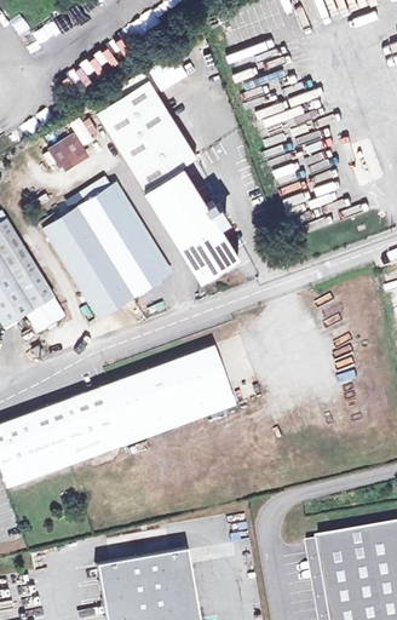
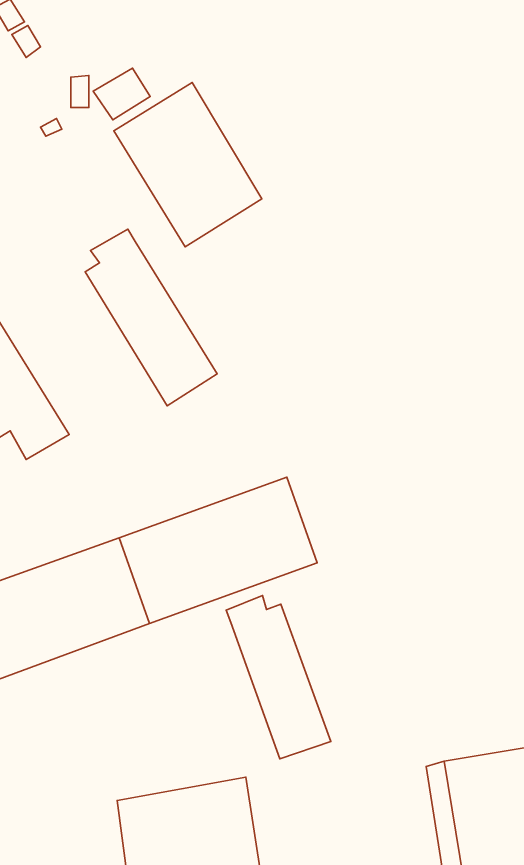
building: [47,132,86,167] -> [93,68,150,120]
building: [143,165,237,279] -> none
building: [38,206,131,317] -> none
building: none -> [226,596,331,759]

